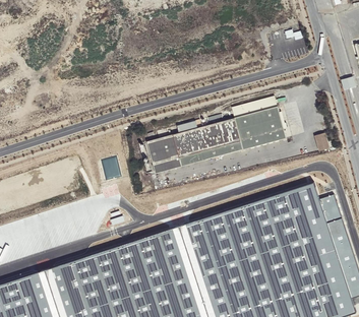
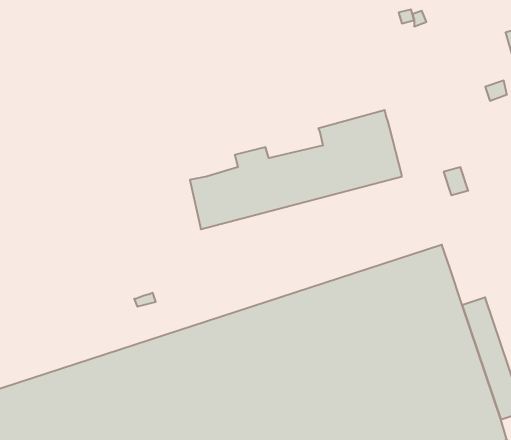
building: [318,194,342,224] -> none

